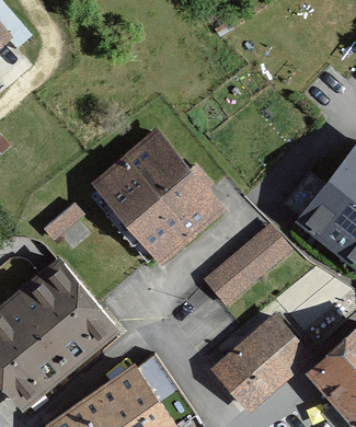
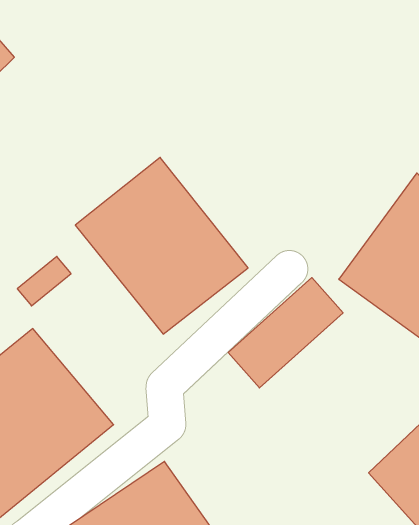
building: [210,312,306,405] -> none

